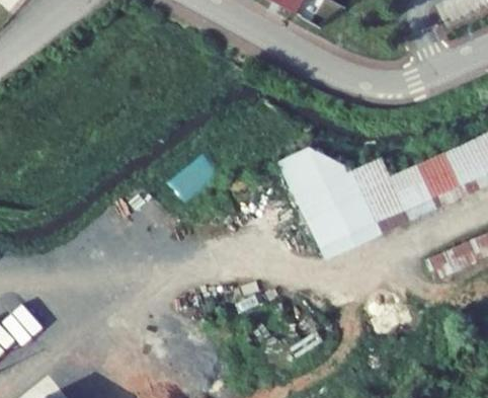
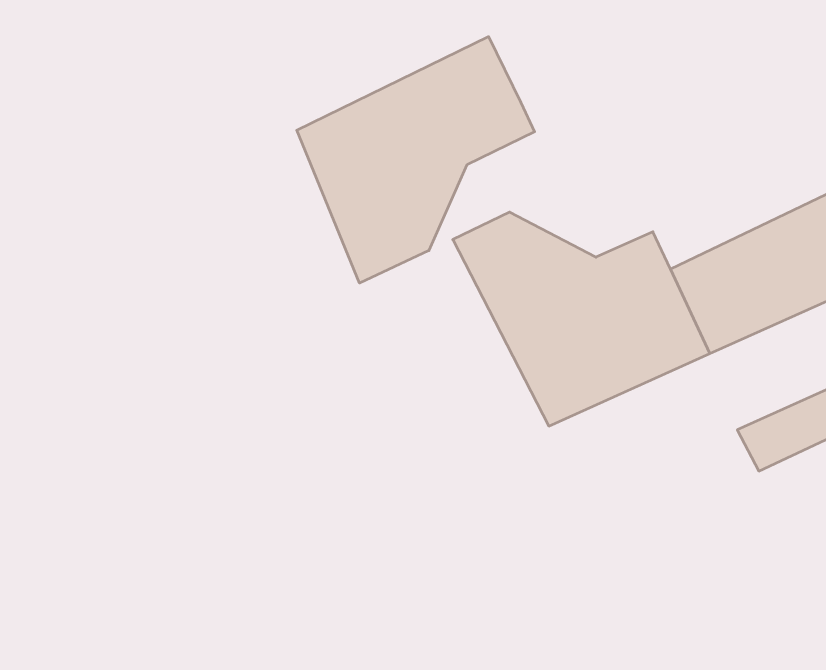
building: none -> [297,37,535,283]

